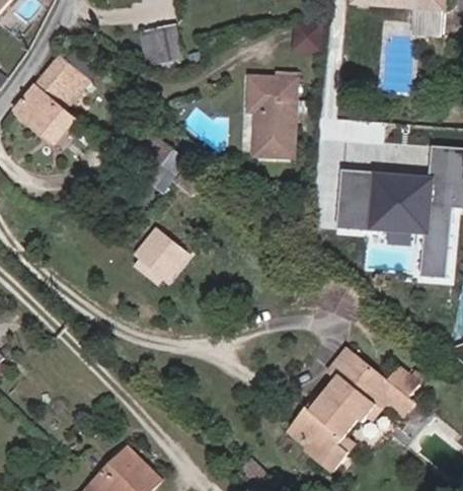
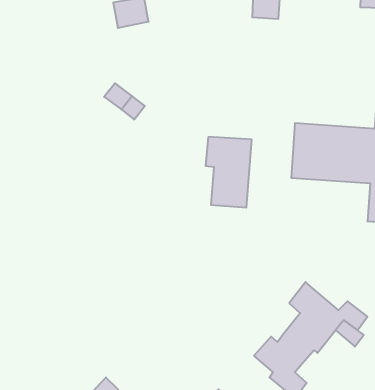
building: [15,59,86,144] -> none
building: [242,76,294,155] -> [206,137,252,208]
building: [128,221,191,285] -> none

